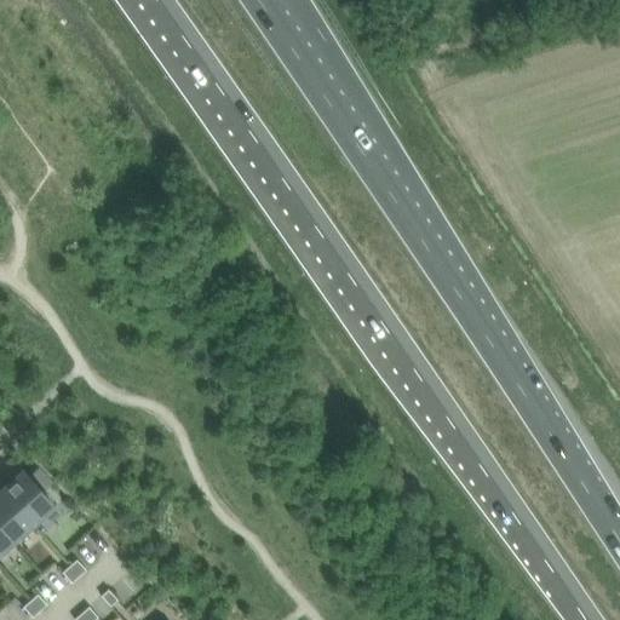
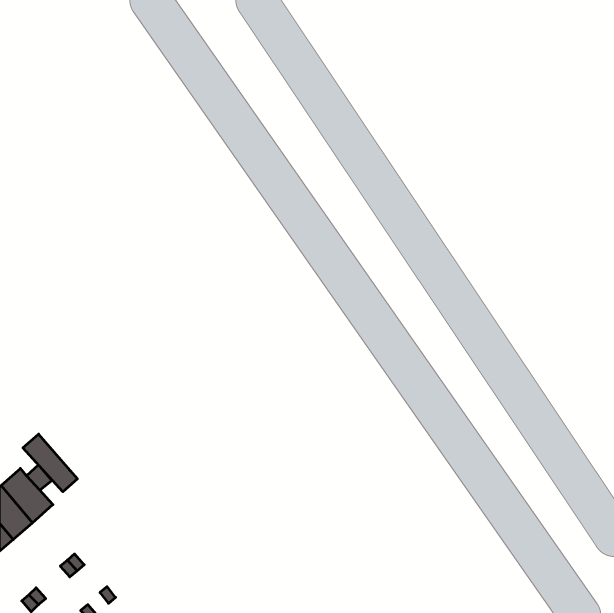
building: none -> [23,434,77,492]

